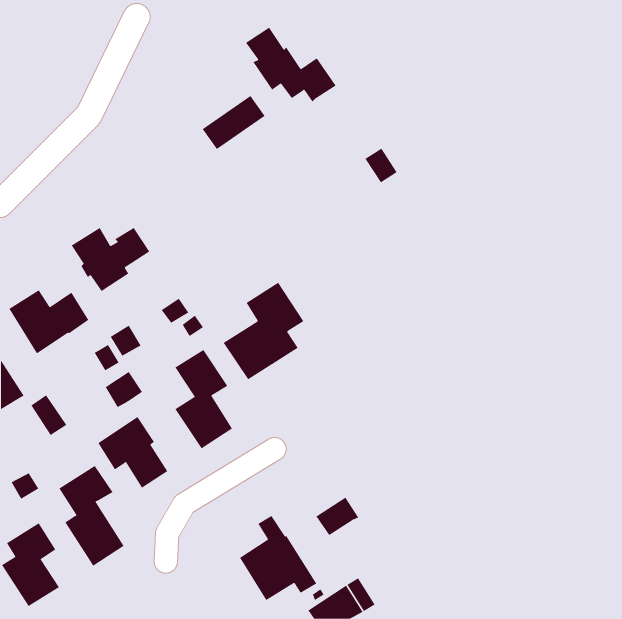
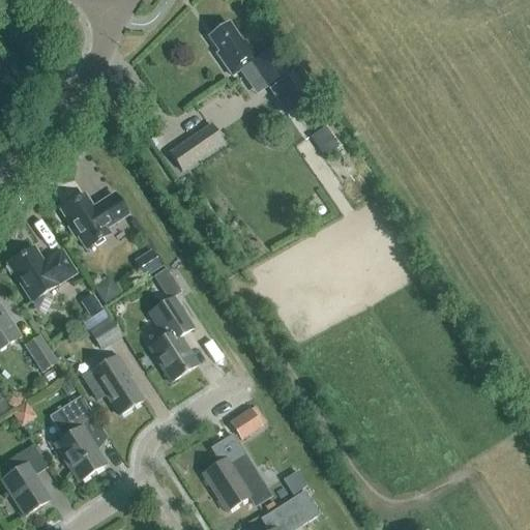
building: [202,95,265,150] -> [170,122,224,169]
building: [223,282,304,380] -> none
building: [315,497,359,536] -> [231,405,268,438]

